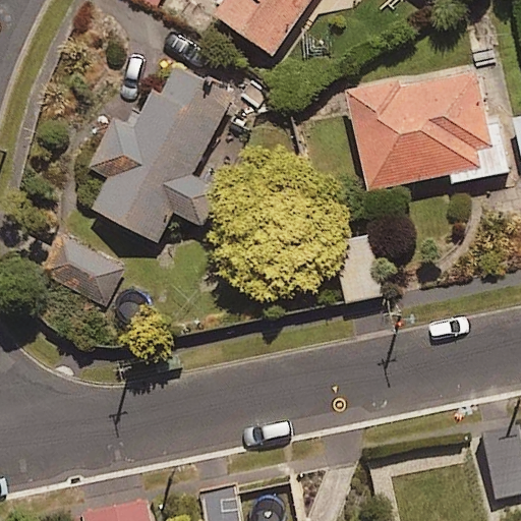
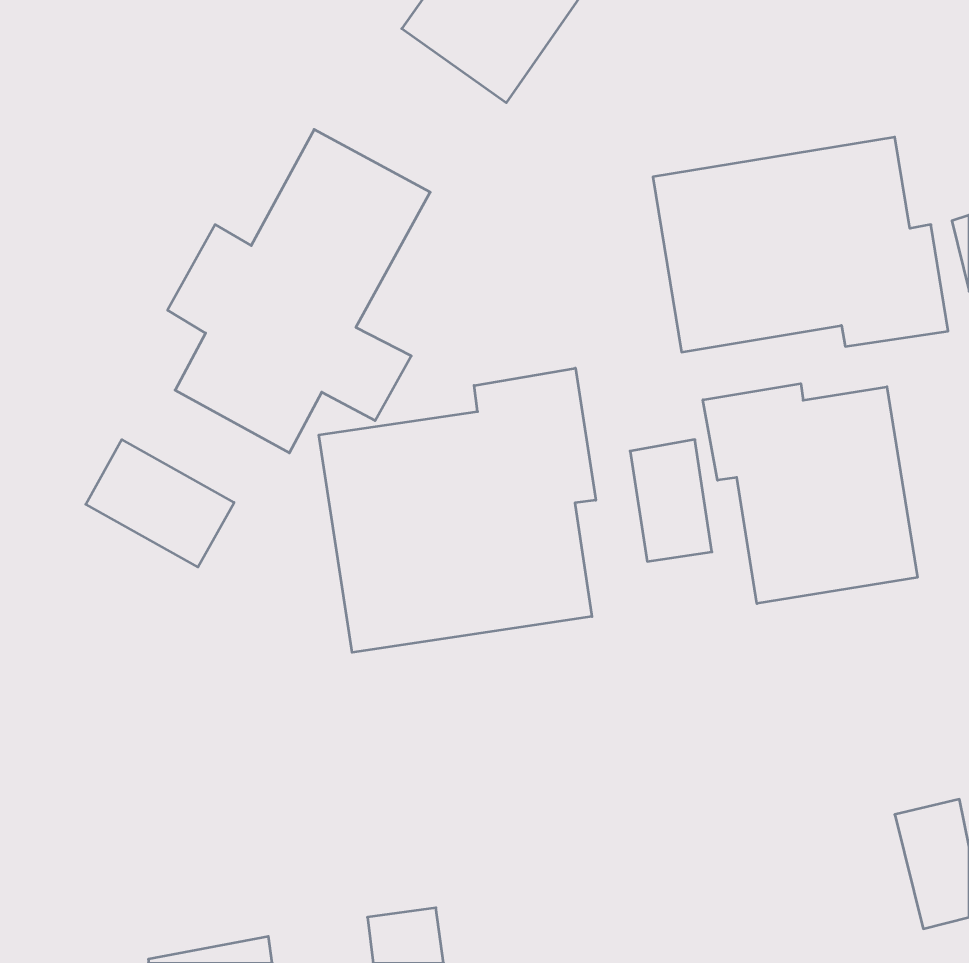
building: none -> [319,368,596,652]
building: none -> [703,384,917,604]

